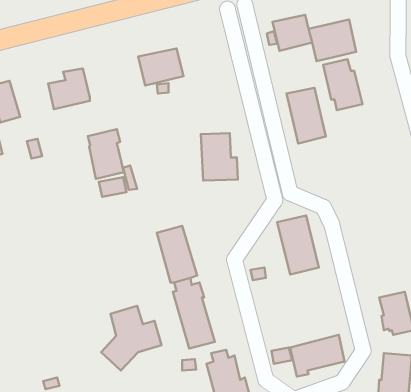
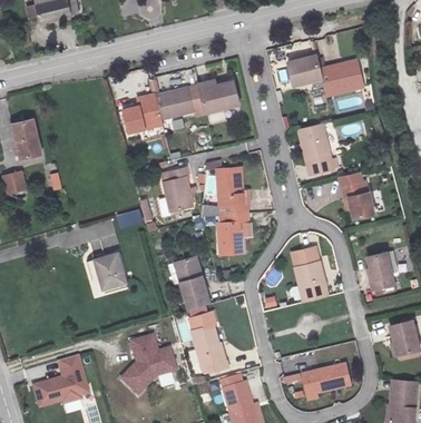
building: none -> [196,78,238,114]
building: [323,59,362,110] -> [336,170,374,219]
building: [48,69,90,109] -> [121,94,161,132]
building: [88,129,124,179] -> [160,166,195,214]
building: none -> [215,212,252,255]
building: none -> [365,250,396,297]
building: none -> [92,254,123,288]
building: none -> [31,354,89,410]

